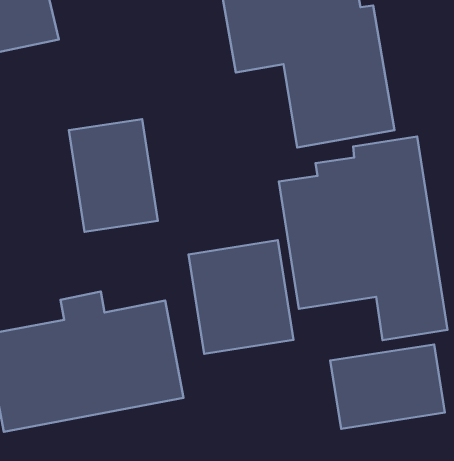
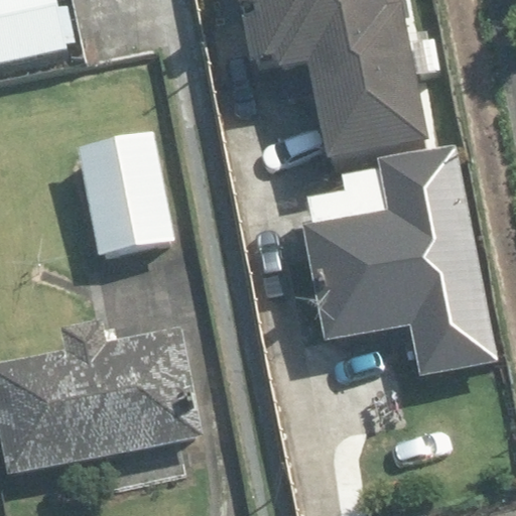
building: [188,240,294,354] -> none
building: [330,344,445,429] -> none

